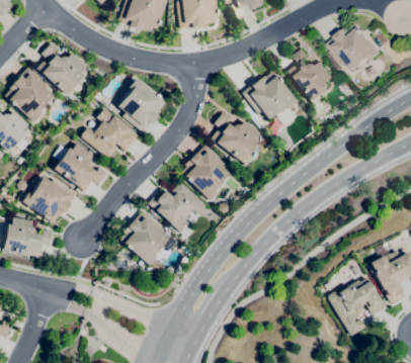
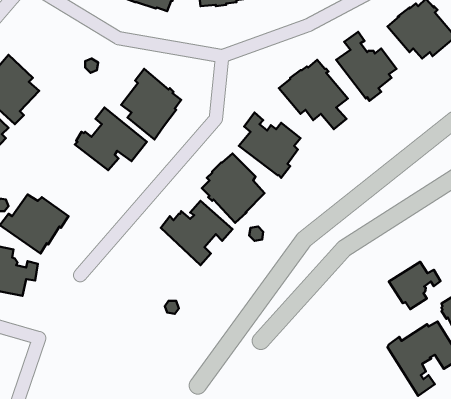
building: [37,42,85,94] -> none
building: [54,143,106,191] -> none
building: [119,210,177,265] -> none
building: none -> [389,262,440,309]

